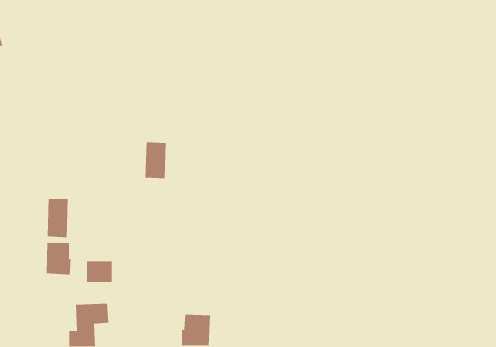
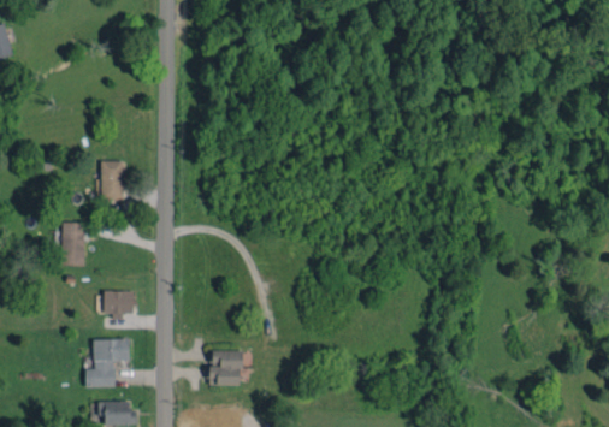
building: [145,142,166,179] -> [101,160,125,201]
building: [46,242,71,276] -> none

